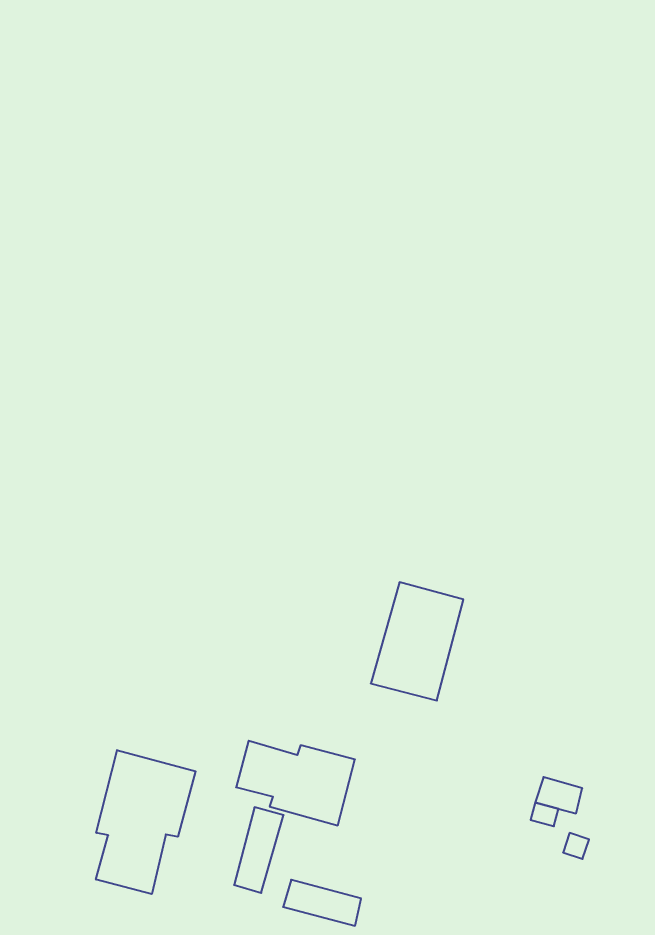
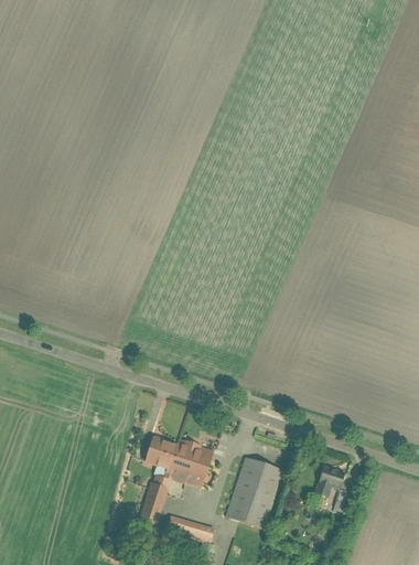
building: [371,582,463,701] -> [225,458,281,527]
building: [96,750,196,894] -> none

